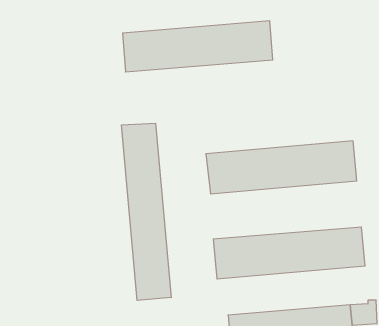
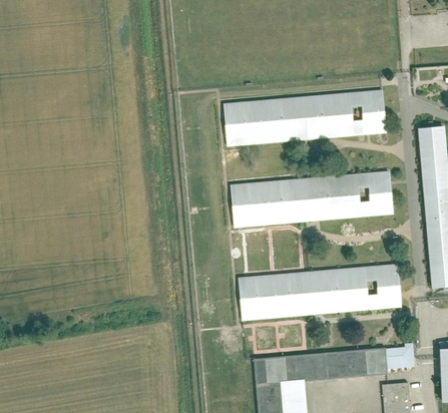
building: [123,21,273,72] -> [223,90,386,145]
building: [122,123,171,300] -> none

